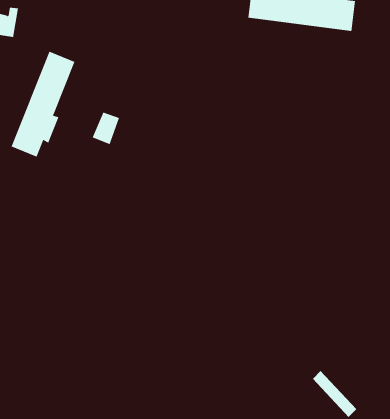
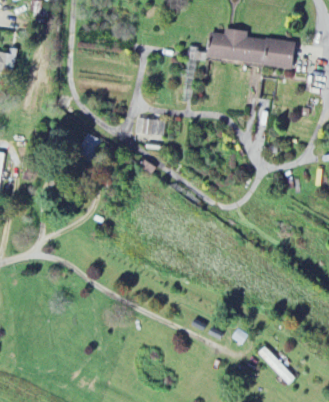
building: [11,51,75,158] -> none
building: none -> [134,118,164,135]

